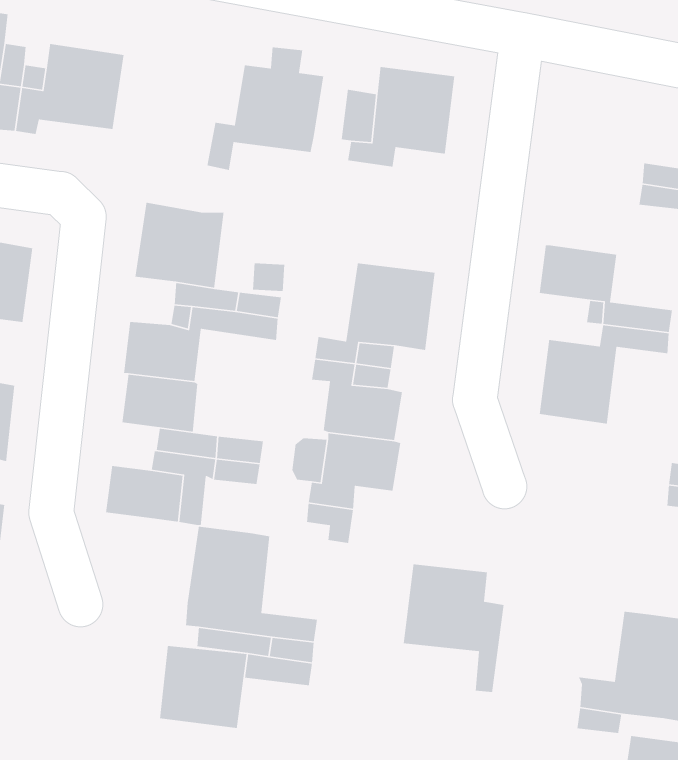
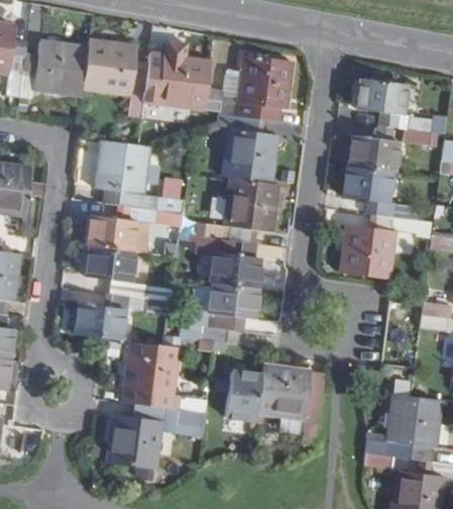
building: none -> [81,40,142,118]
building: none -> [357,78,405,115]
building: none -> [223,115,276,183]
building: none -> [348,135,398,173]
building: none -> [226,369,263,418]

